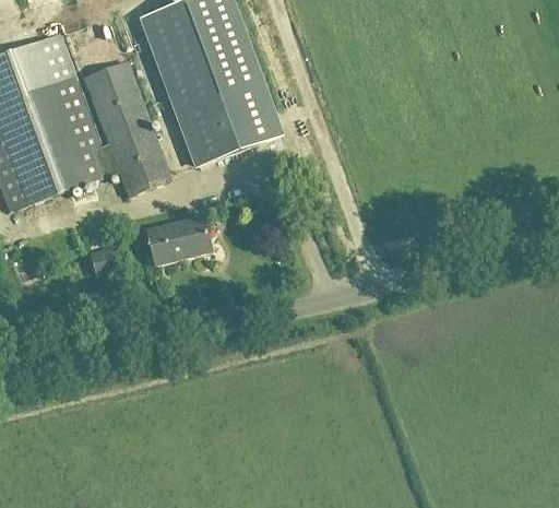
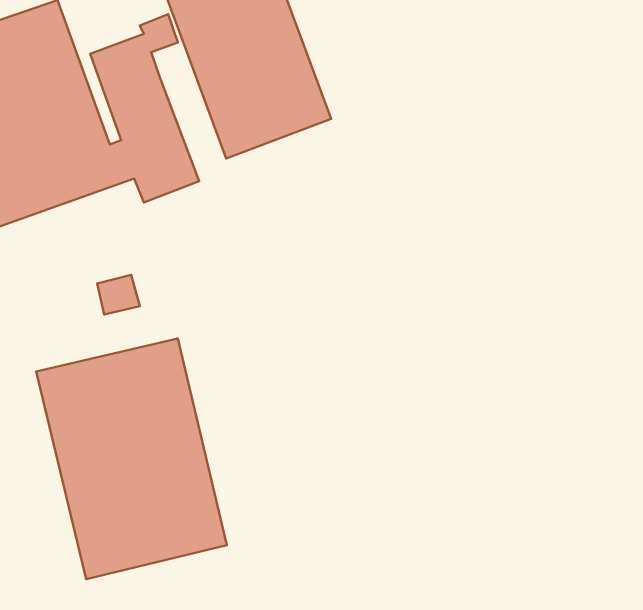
building: [147,217,212,265] -> none
building: none -> [36,339,227,579]

